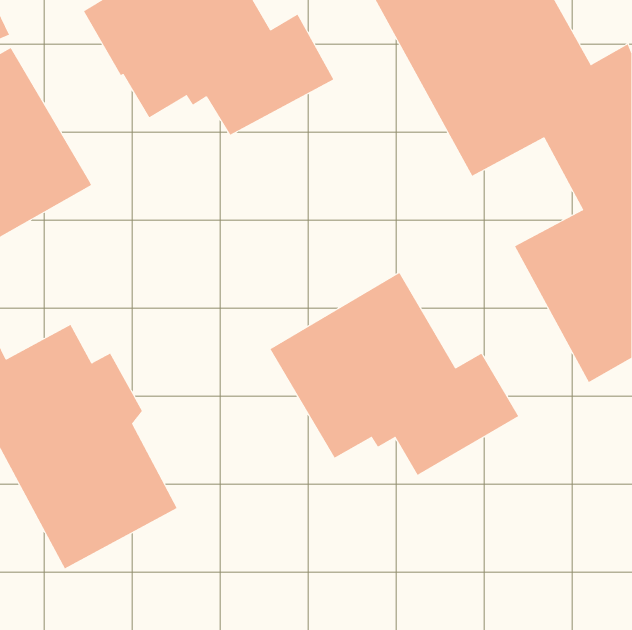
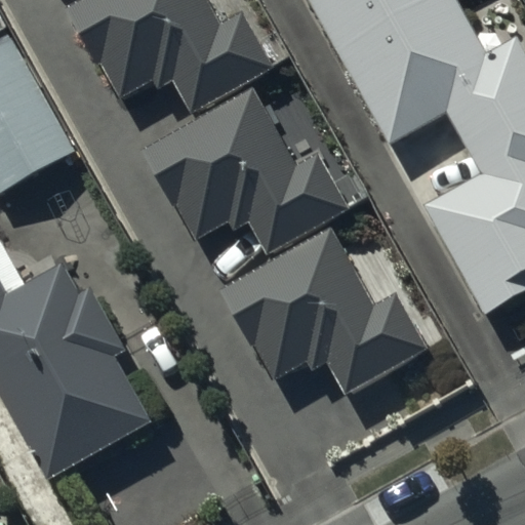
building: none -> [143,86,353,253]

